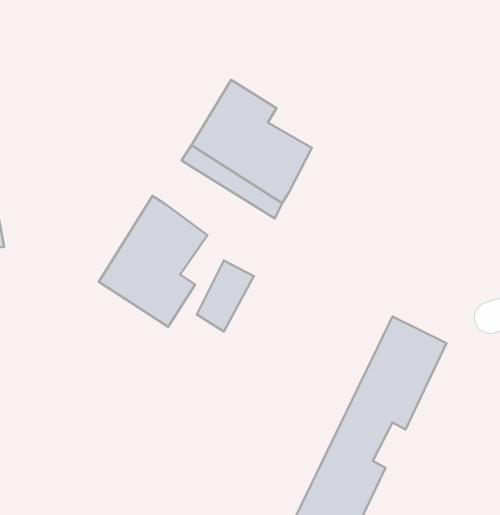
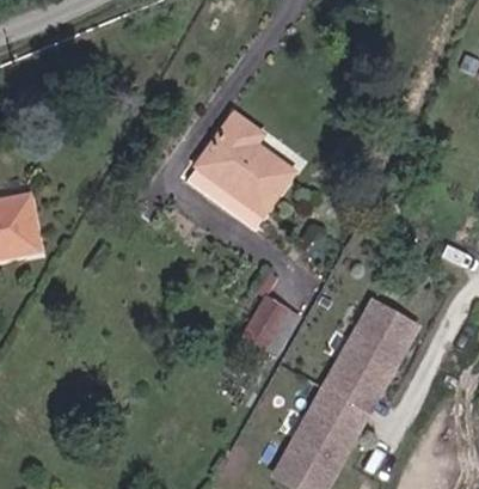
building: [99,196,208,327] -> none
building: [197,261,254,331] -> [238,297,285,356]

